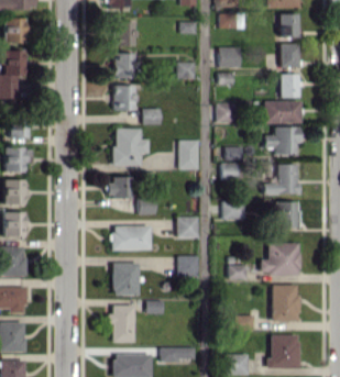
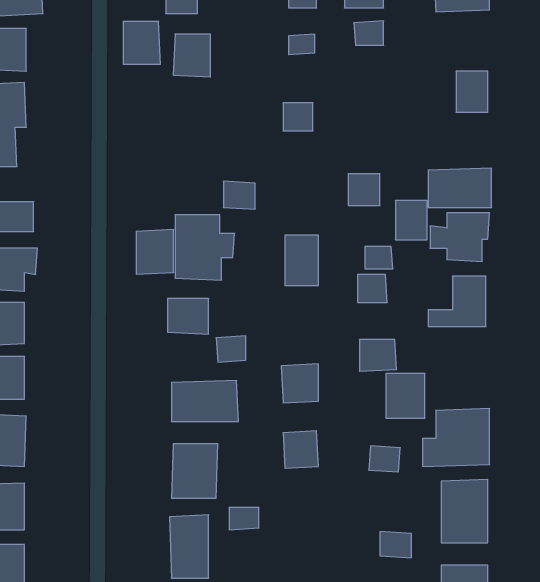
building: [281,13,300,37] -> none
building: [219,46,241,68] -> none
building: [114,53,136,78] -> [123,21,160,64]
building: [281,74,299,97] -> [395,201,427,240]
building: [113,85,135,111] -> [136,230,174,274]
building: [276,201,299,228] -> [386,373,425,418]

